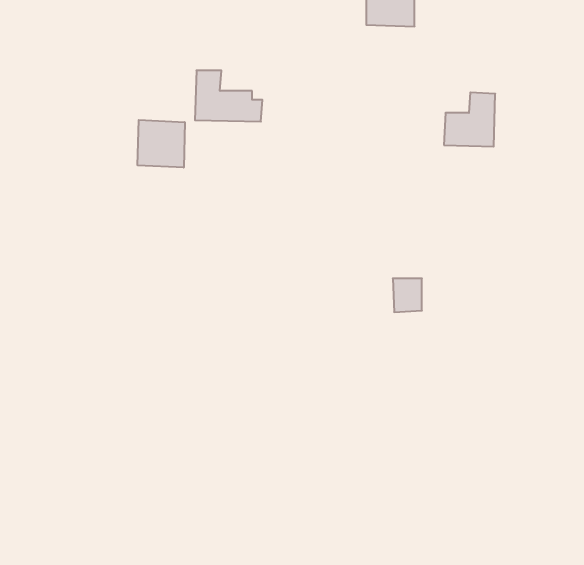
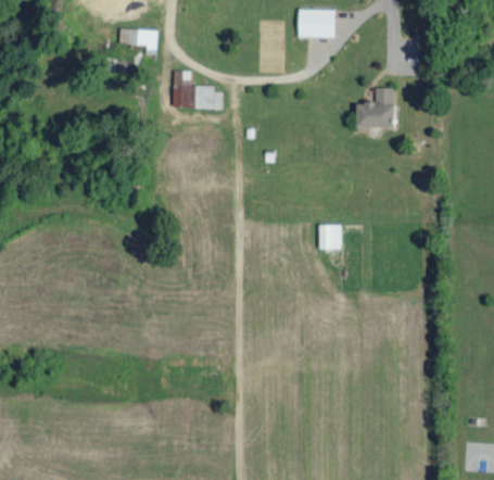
building: none -> [119,29,156,54]
building: [138,120,185,168] -> none

